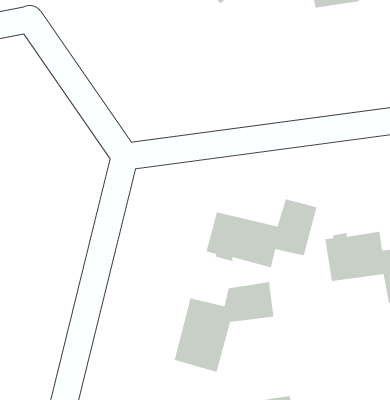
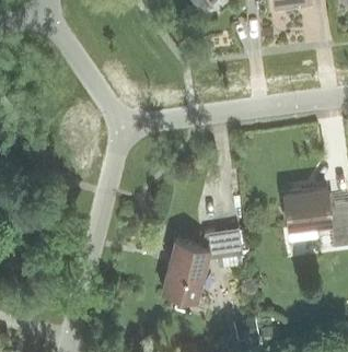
building: [206,199,317,268] -> none

